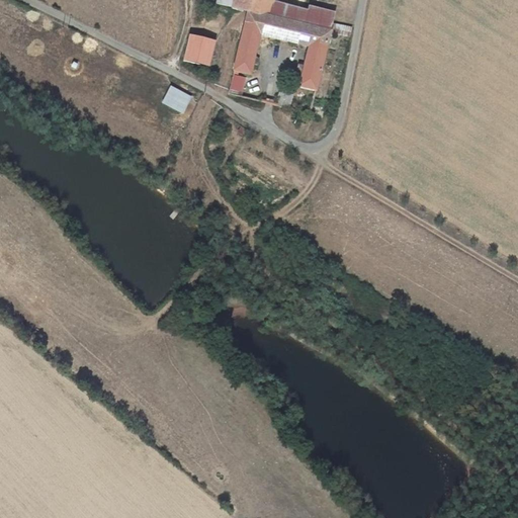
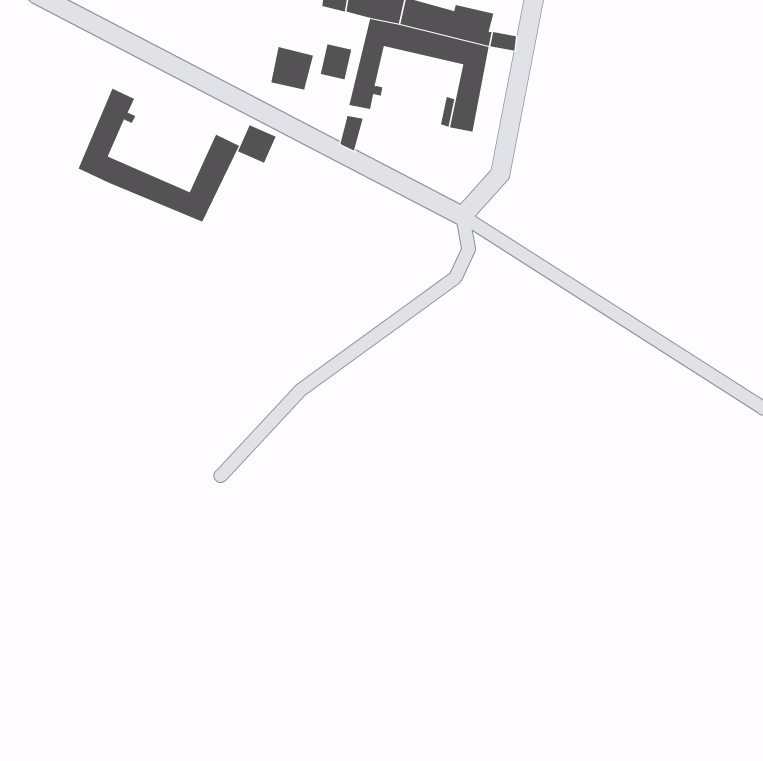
building: none -> [320,43,352,80]
building: none -> [78,88,240,223]

